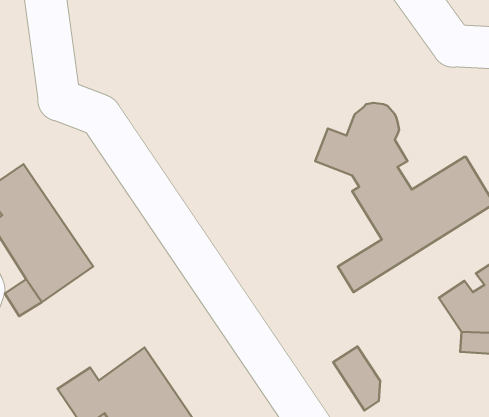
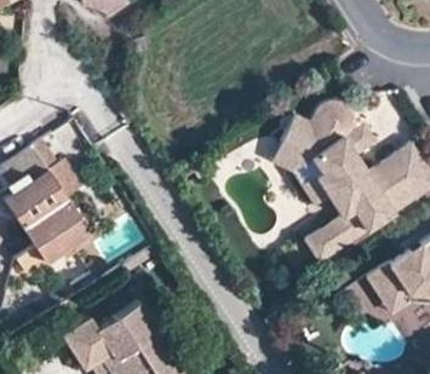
building: [333,347,380,411] -> [366,264,406,318]

